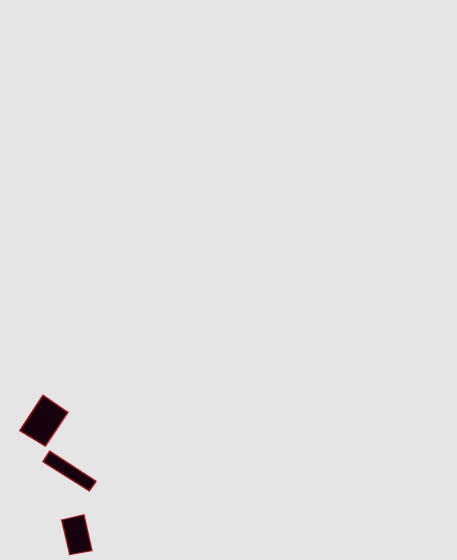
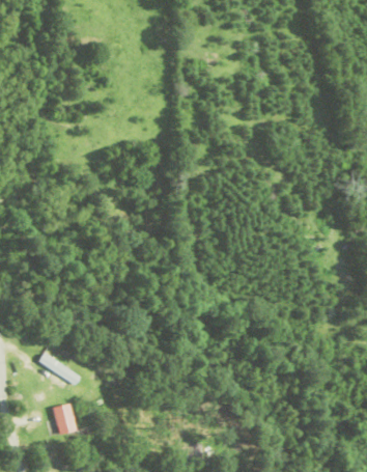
building: [20,395,68,446] -> none

